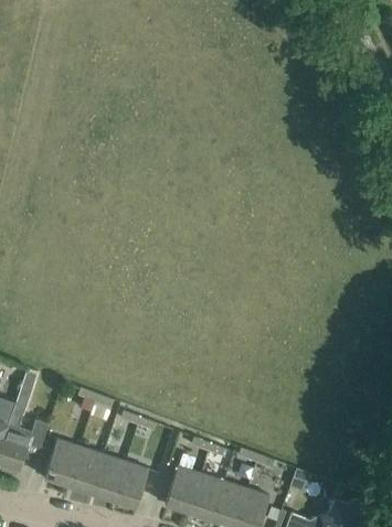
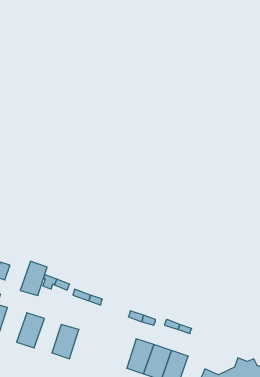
building: [67,448,103,493] -> [20,261,47,296]
building: [114,462,149,508] -> none
building: [166,466,201,513] -> none

